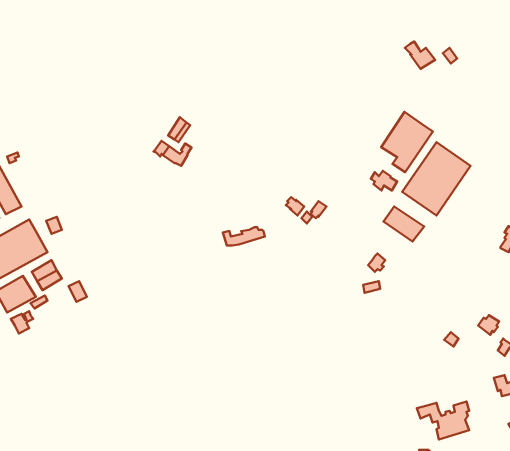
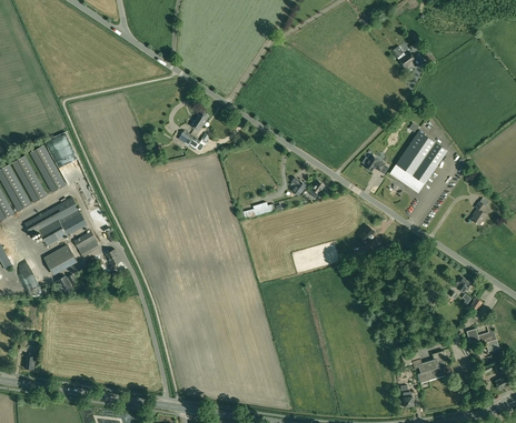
building: [381,112,433,172] -> none
building: [384,206,424,242] -> none

